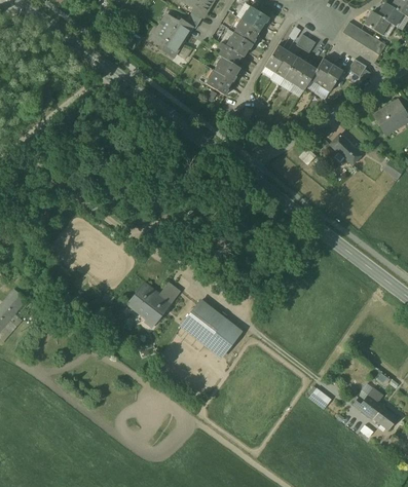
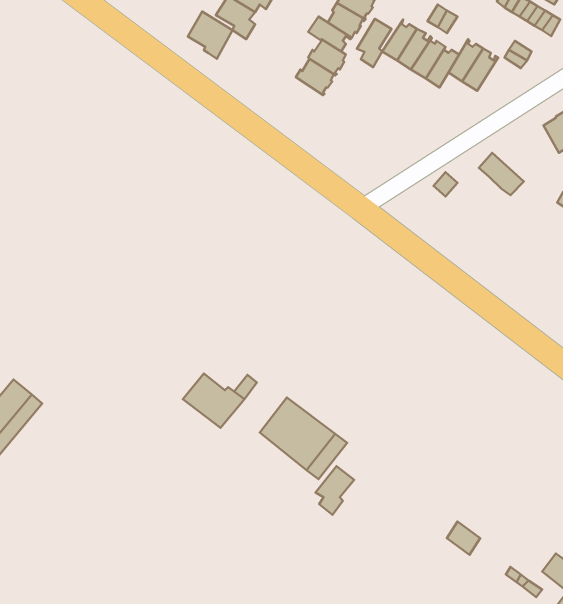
building: none -> [188,12,233,59]
building: none -> [357,19,392,67]
building: none -> [315,466,354,515]
building: [354,388,382,419] -> none

